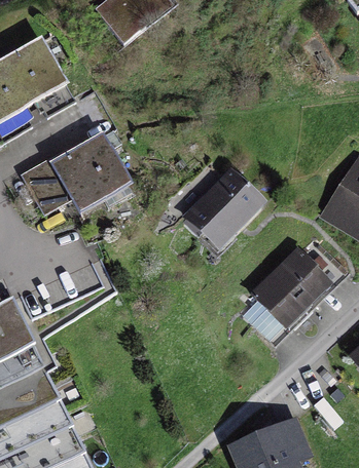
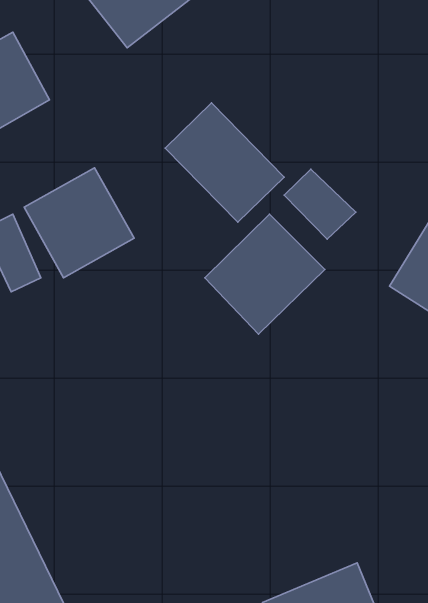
building: none -> [165,103,284,222]
building: none -> [284,169,356,239]
building: [235,242,340,347] -> none

